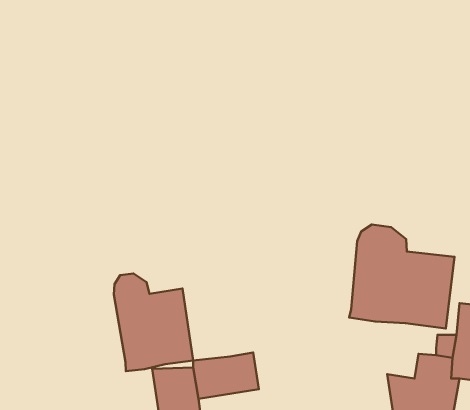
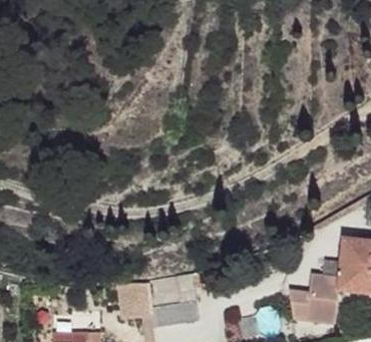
building: [349,225,454,329] -> none
building: [114,273,193,371] -> none

